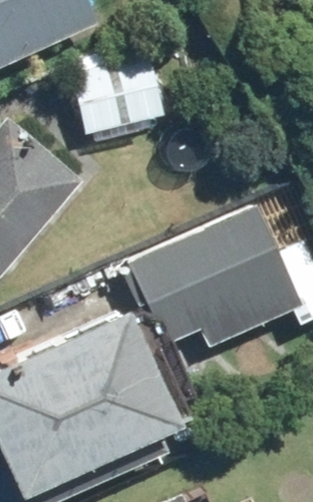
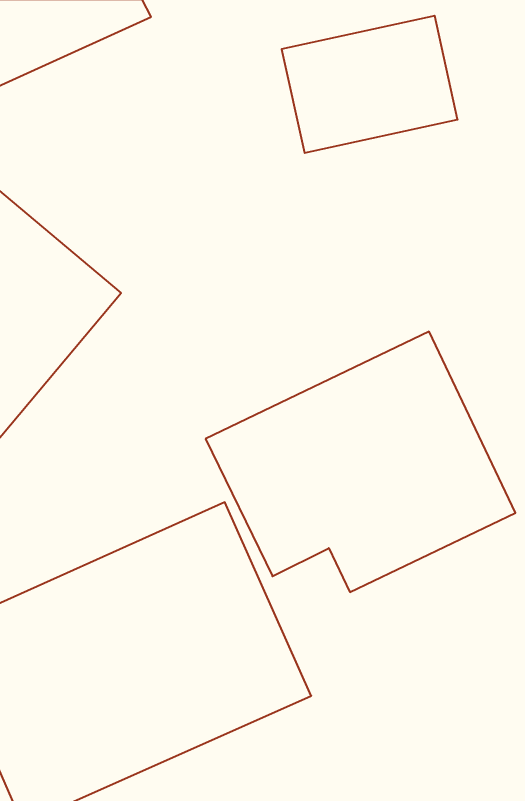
building: [68,59,169,137] -> [282,16,458,153]

